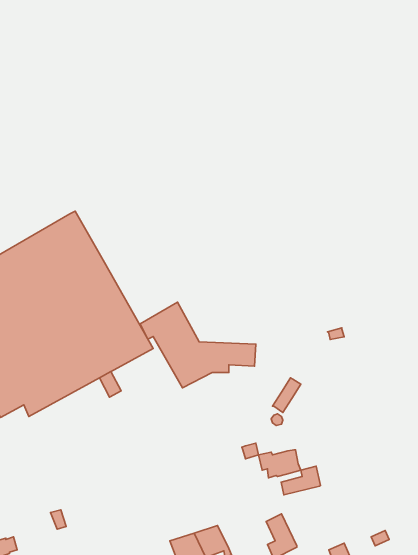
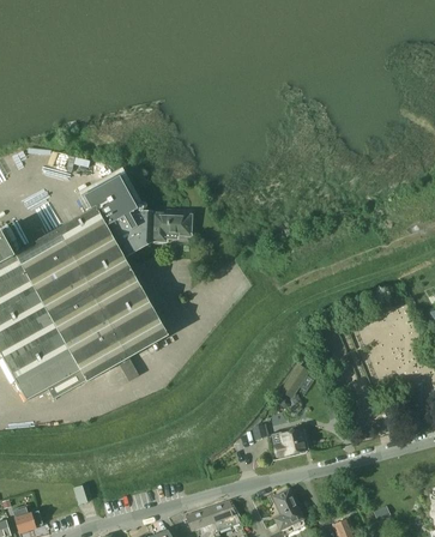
building: [140,302,256,388] -> [84,175,192,255]
building: [281,466,320,495] -> none

